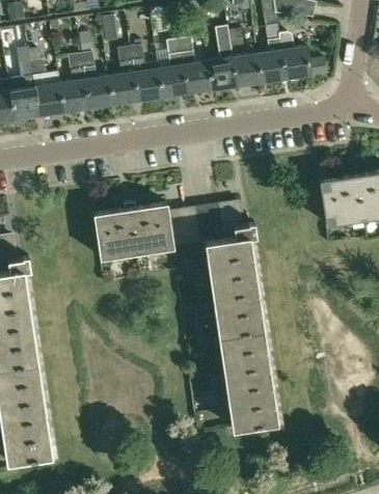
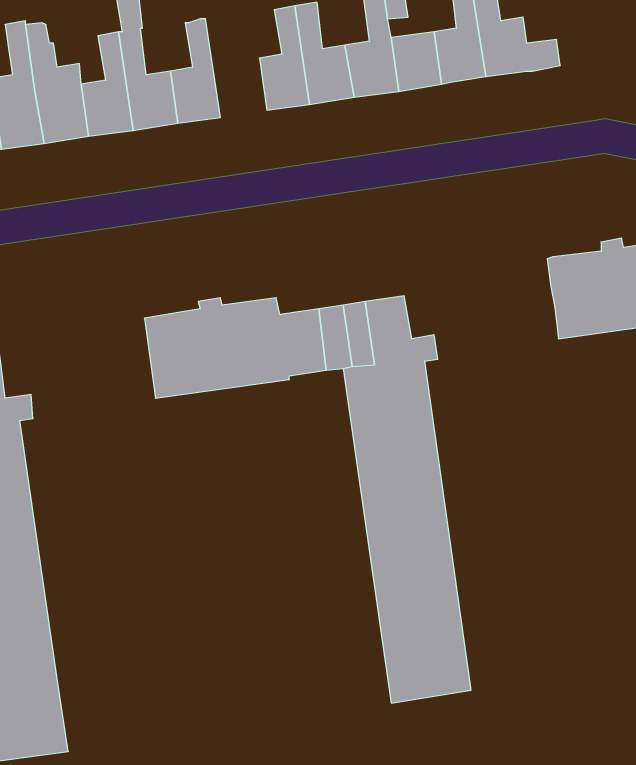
building: [128,46,162,103] -> none

